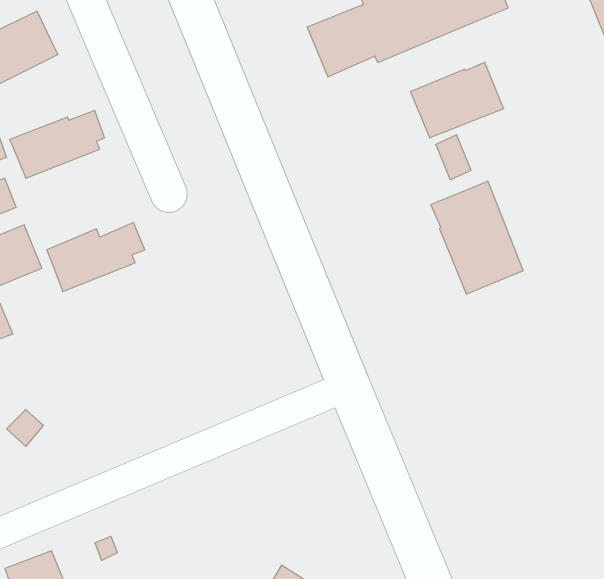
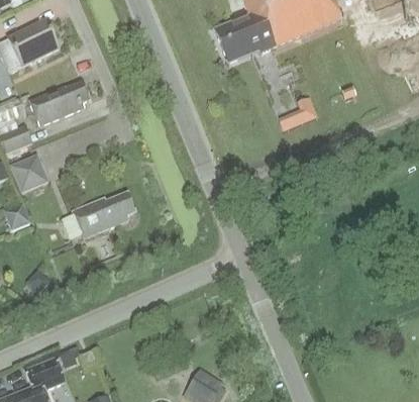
building: [411,62,504,138] -> none
building: [431,181,523,294] -> none
building: [47,223,145,292] -> [73,193,134,236]

